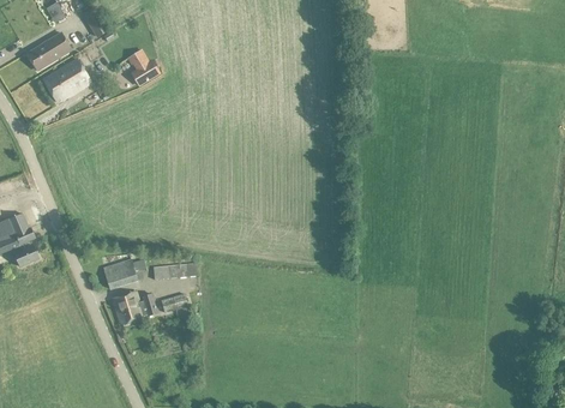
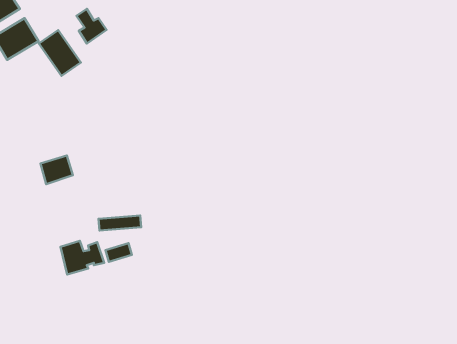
building: none -> [39,30,81,76]
building: [103,259,137,289] -> [40,155,73,184]

